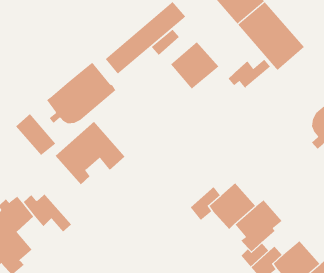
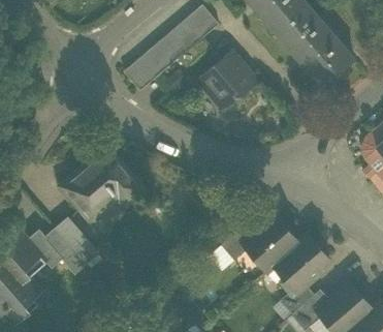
building: [228,59,271,89] -> none
building: [46,62,116,124] -> none
building: [15,113,56,156] -> [55,215,102,265]

